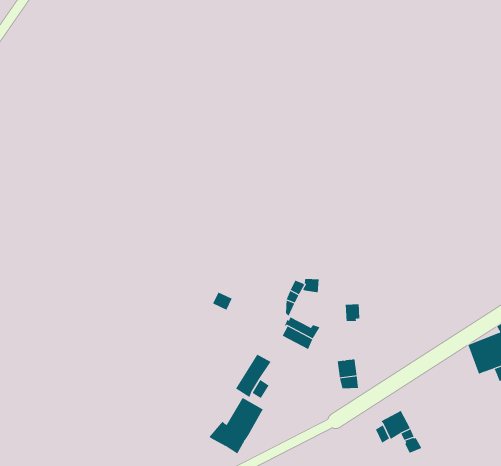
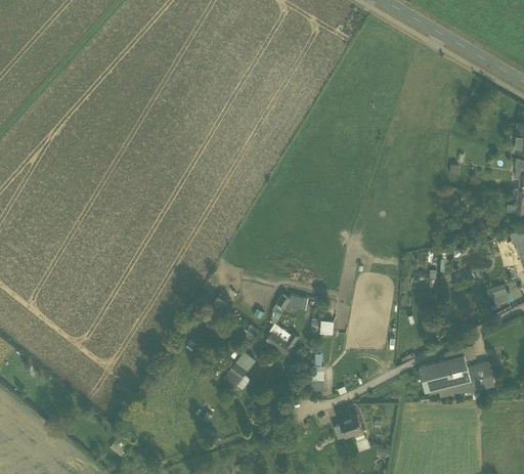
building: [209,397,264,454] -> none

